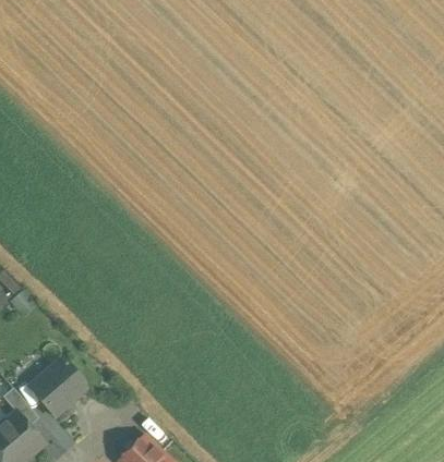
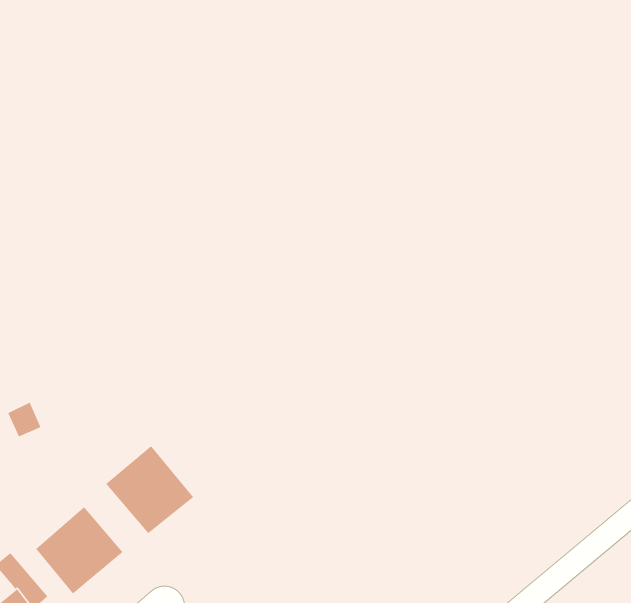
building: none -> [105,445,194,534]

